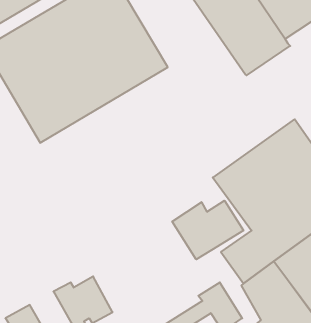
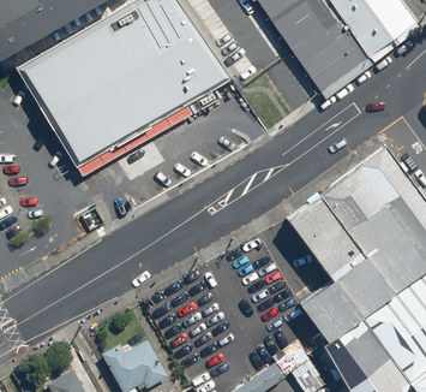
building: [172,201,243,259] -> none

